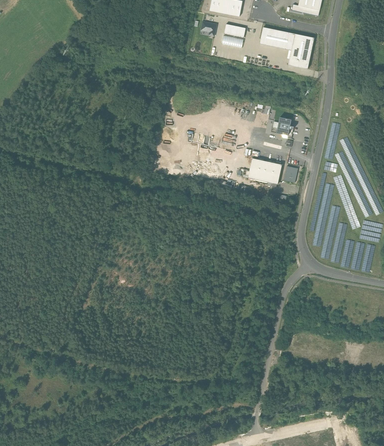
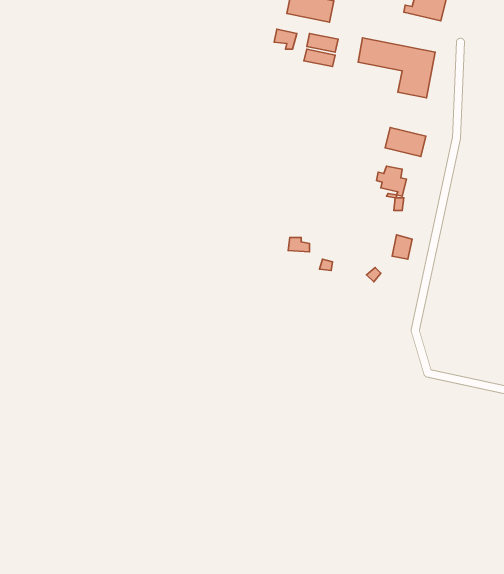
building: none -> [385,127,426,157]
building: [247,158,281,184] -> none

